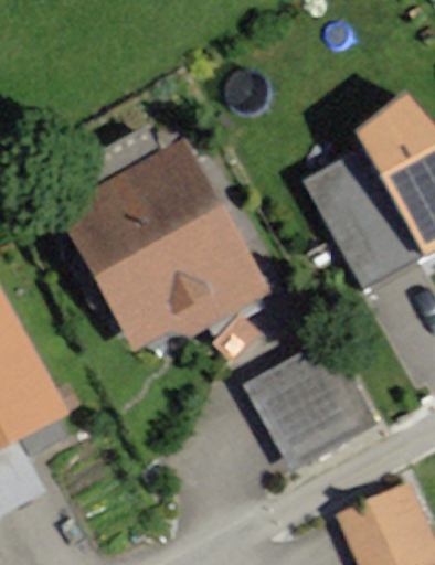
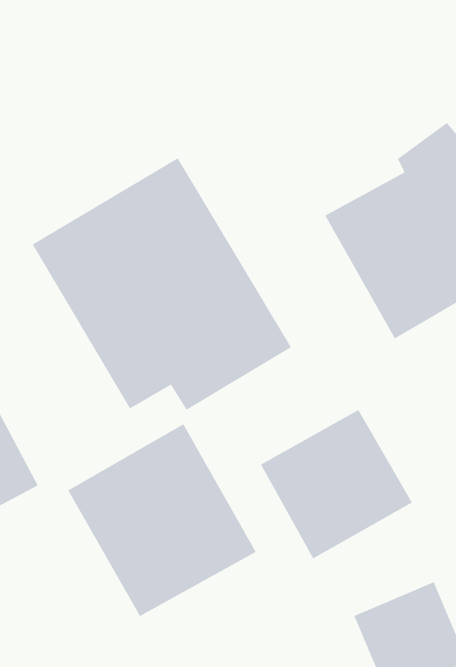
building: none -> [68,424,257,617]

